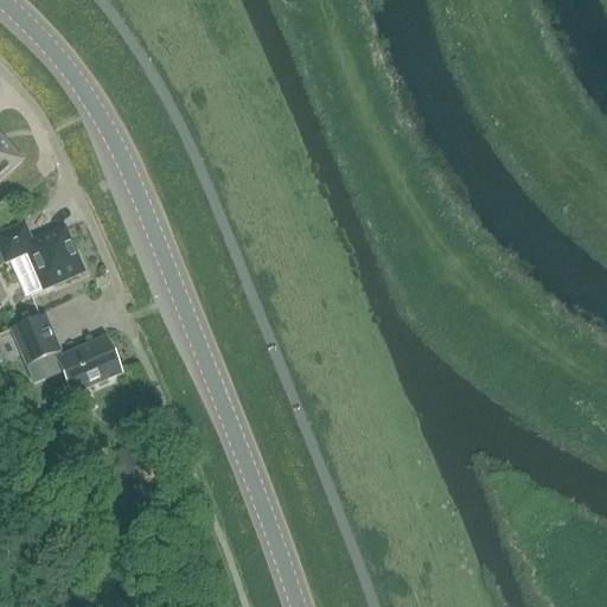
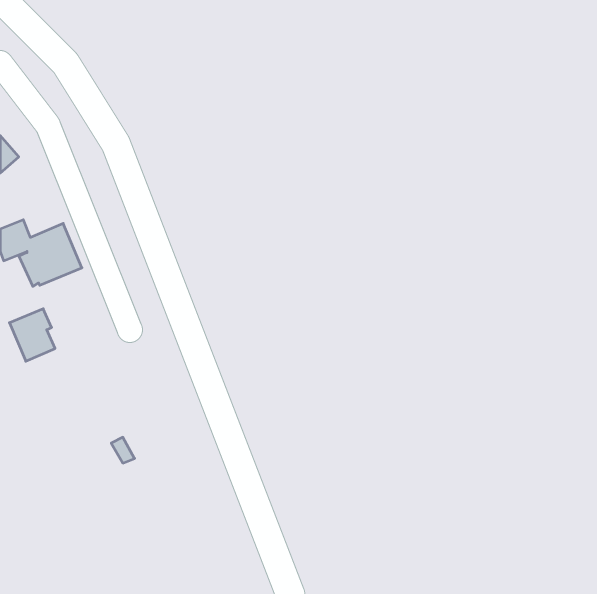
building: [57,337,121,394] -> none

